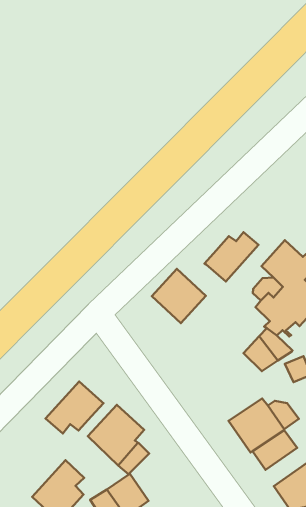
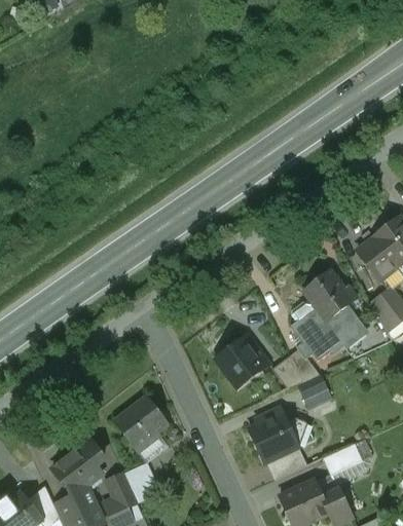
building: [204,232,258,282] -> none
building: [152,269,206,323] -> [215,337,265,388]
building: [45,382,104,433] -> none

